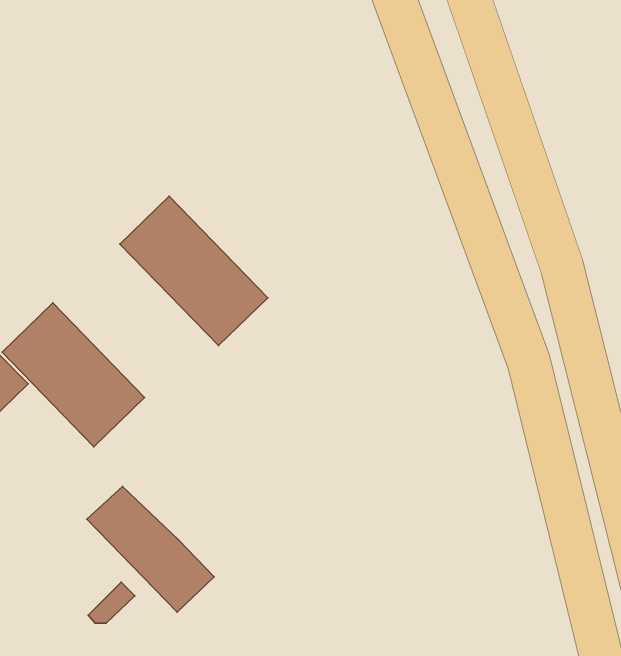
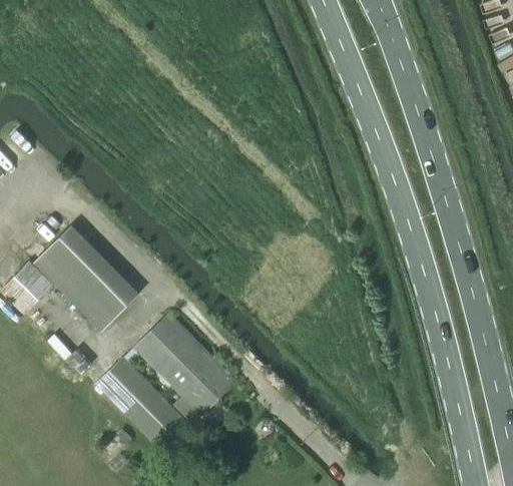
building: [120,196,268,346] -> none
building: none -> [134,315,234,415]

